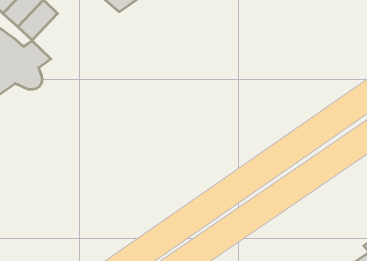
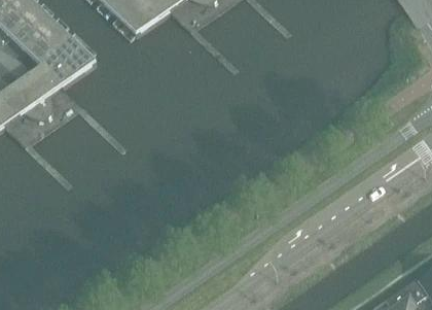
building: none -> [40,33,95,82]

